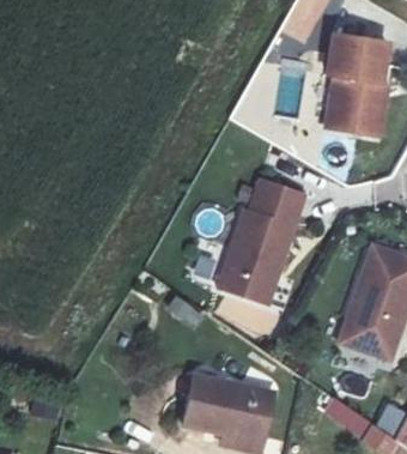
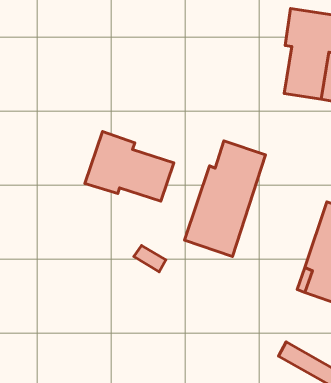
building: none -> [85,132,174,201]
building: [181,374,269,435] -> none

